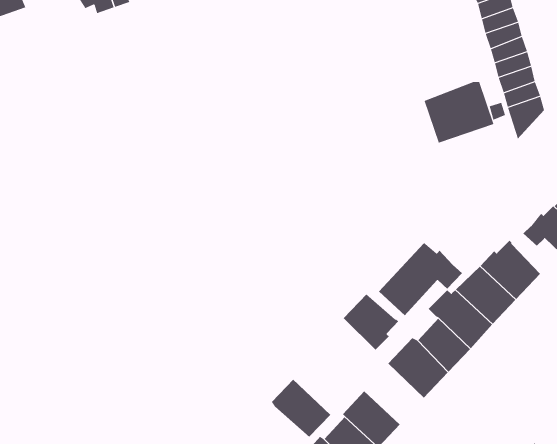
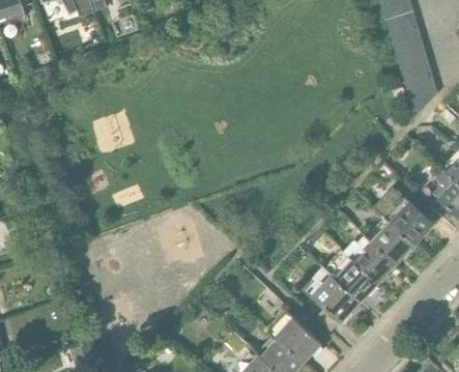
building: [424,81,494,144] -> none
building: [378,241,463,316] -> none
building: [343,294,399,351] -> none
building: [271,379,331,438] -> none

